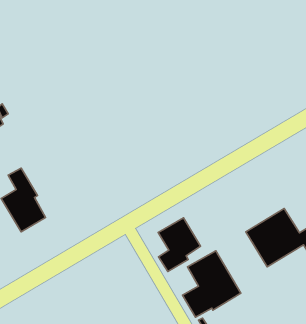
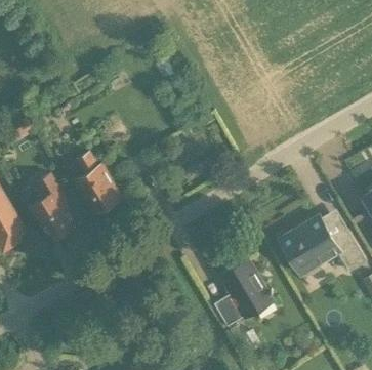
building: none -> [74,152,121,213]
building: [158,218,201,272] -> none

